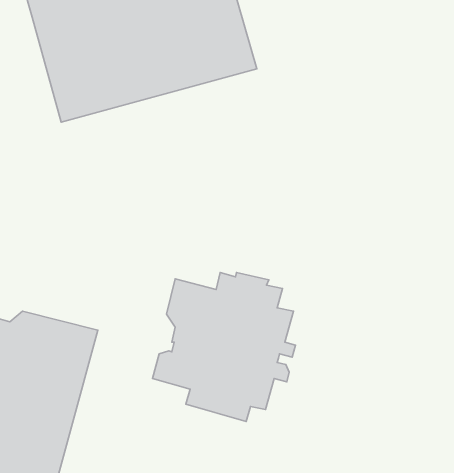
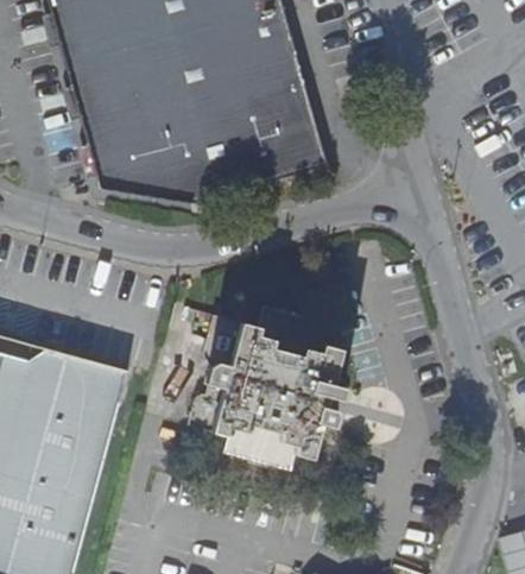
building: none -> [87,80,327,203]

